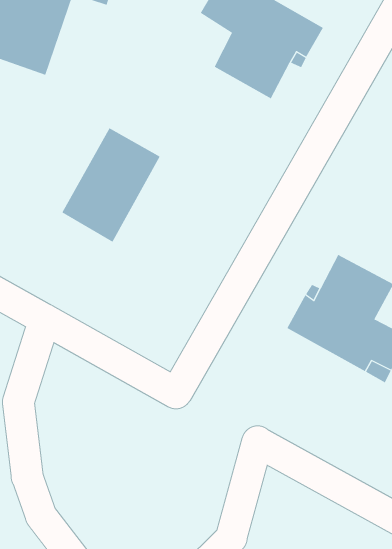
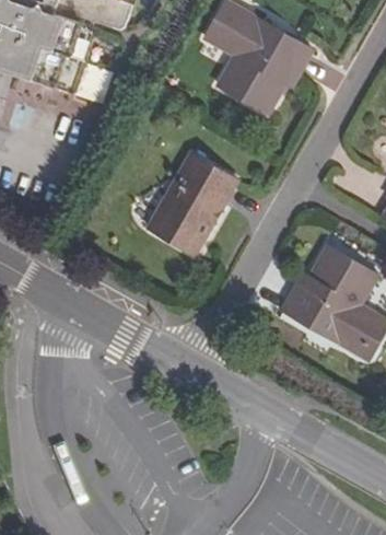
building: [62,128,161,243] -> [150,153,236,254]

